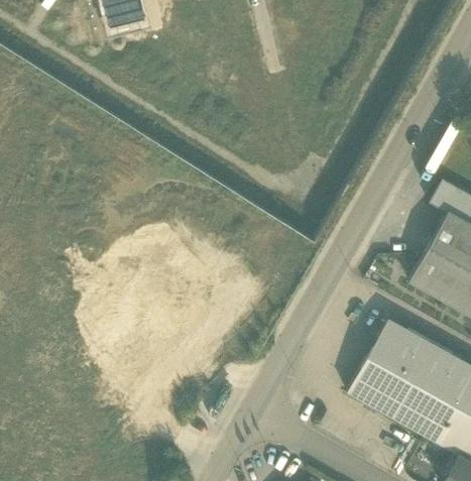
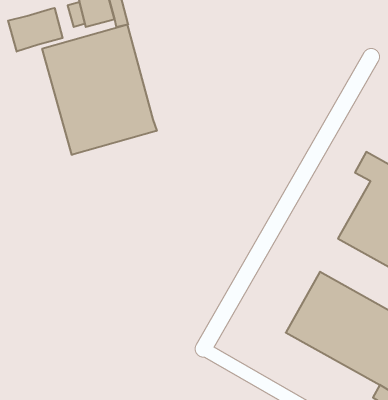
building: none -> [8,8,63,52]
building: none -> [42,25,157,155]

